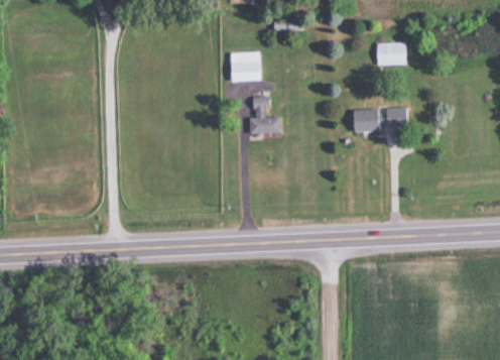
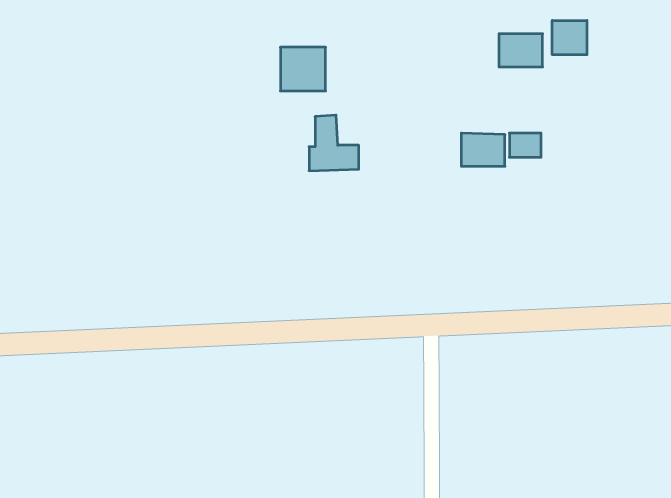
building: none -> [552,20,587,55]

